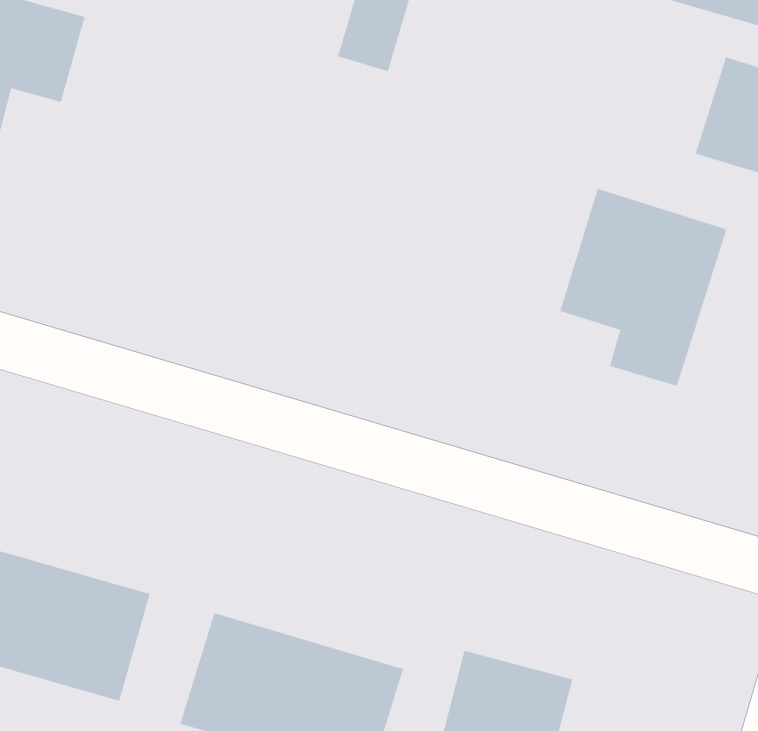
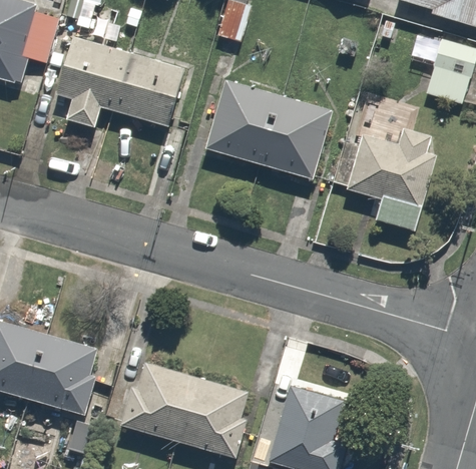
building: none -> [55,34,184,131]
building: none -> [204,79,335,177]

